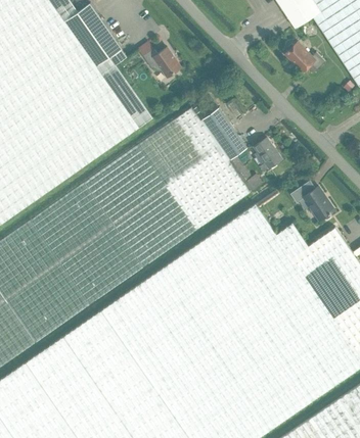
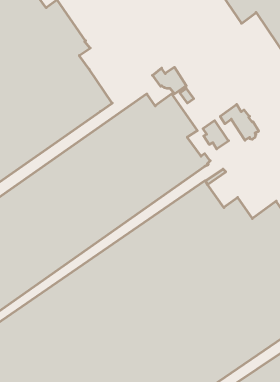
building: [284,42,325,74] -> none
building: [142,47,180,77] -> [152,67,186,94]
building: [290,181,333,221] -> [220,104,259,140]

